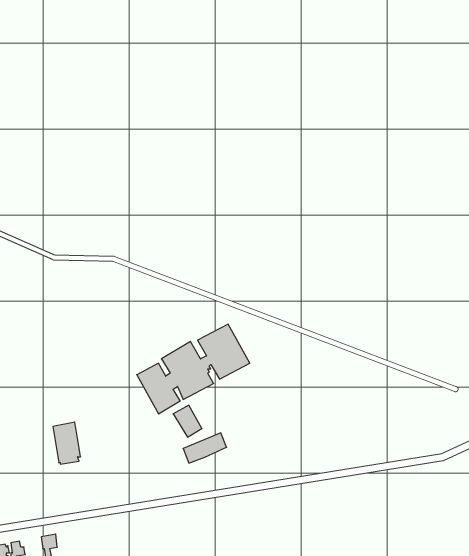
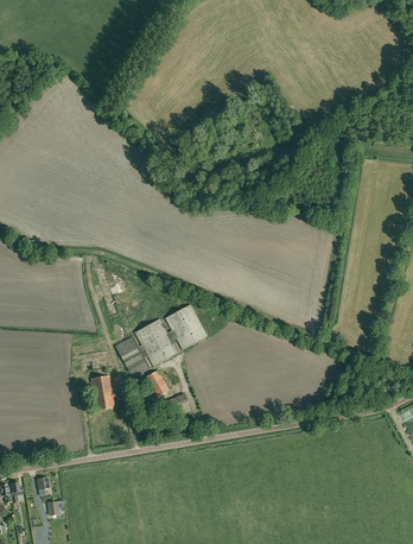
building: [53,422,81,464] -> [91,375,114,410]

